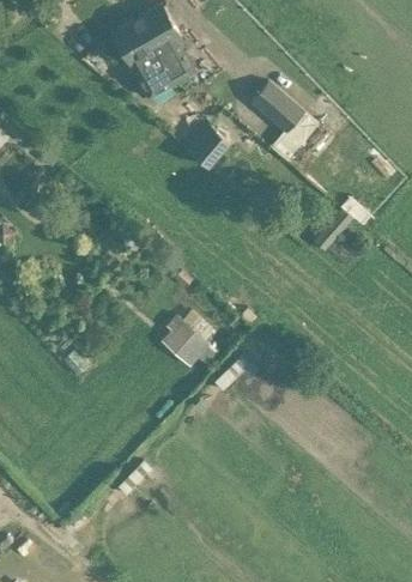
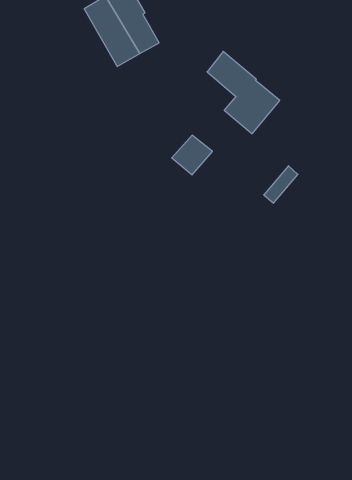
building: [183,122,229,166] -> [172,135,212,175]
building: [159,313,207,364] -> none

